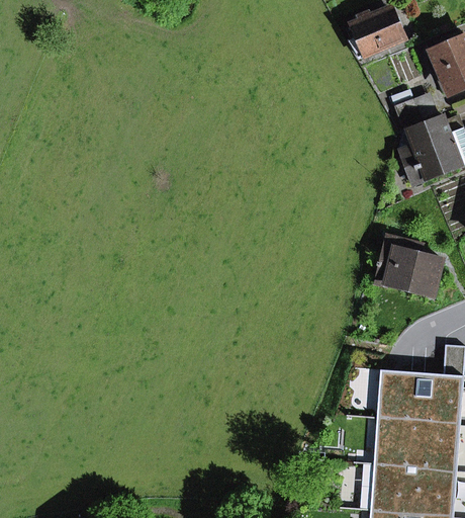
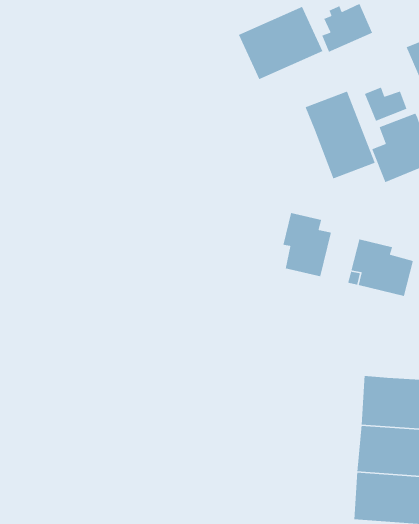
building: none -> [238,6,323,80]
building: none -> [304,90,376,180]
building: none -> [282,212,332,277]

